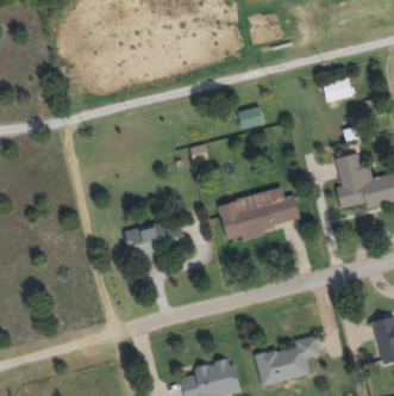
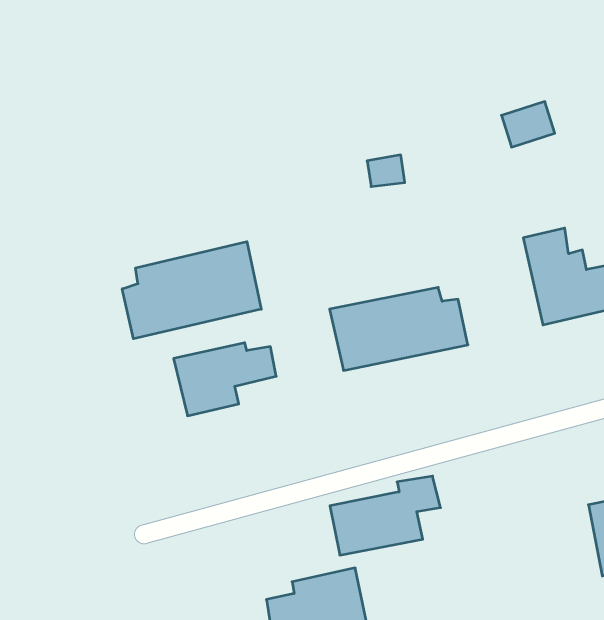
building: none -> [122,242,261,339]
building: [255,336,321,384] -> [330,476,441,555]

